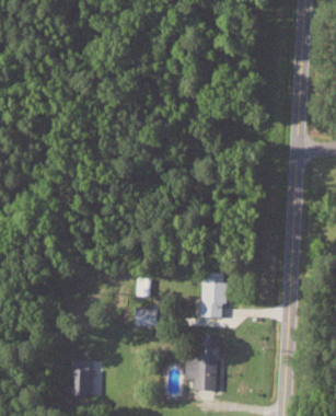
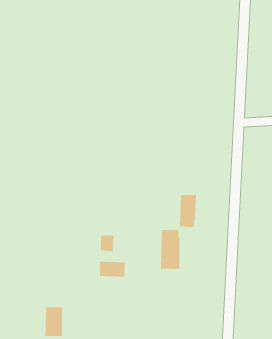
building: none -> [180,194,196,228]
building: [185,338,221,392] -> none

